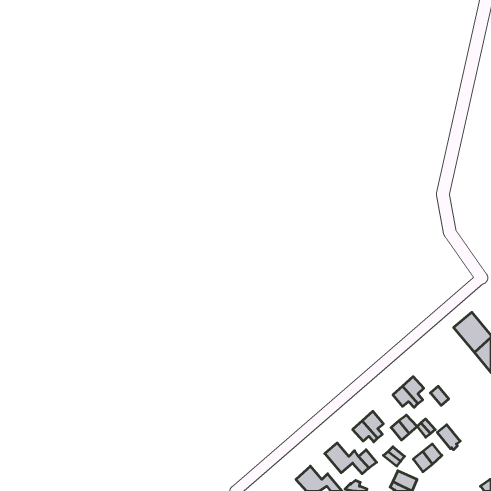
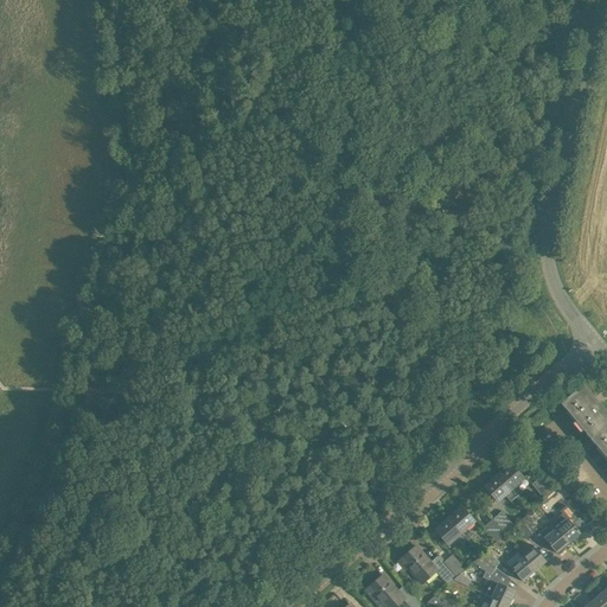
building: none -> [551,506,580,544]

